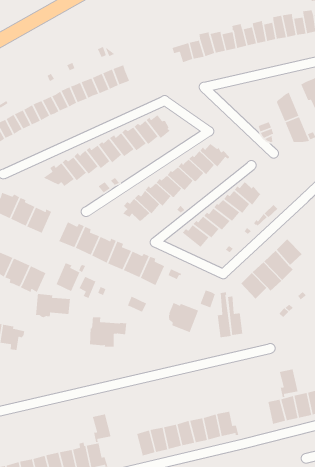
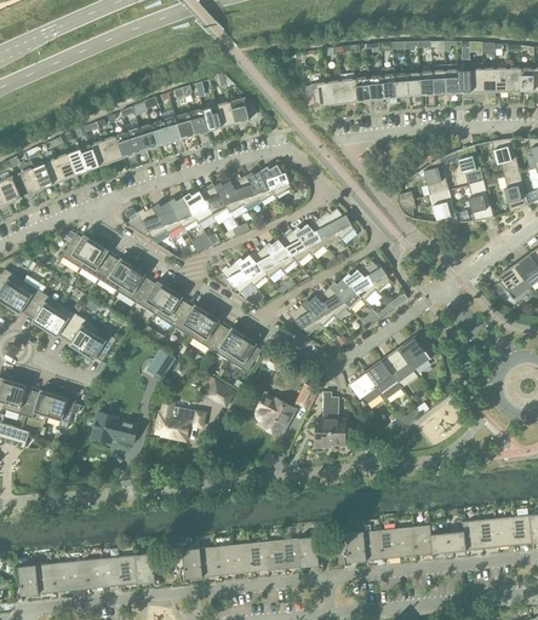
building: [55,262,81,292] -> [118,265,150,303]
building: [35,293,71,318] -> [92,412,138,443]
building: [279,368,298,398] -> [344,532,366,566]
building: [92,414,112,443] -> [181,549,202,582]

